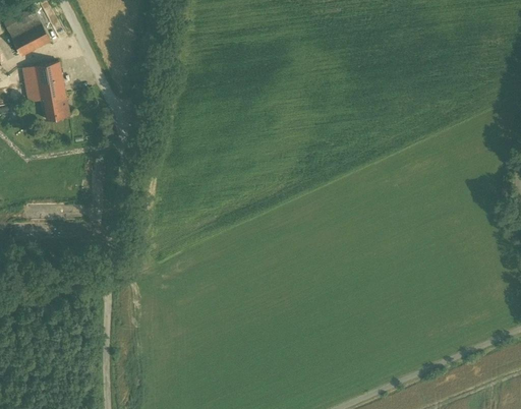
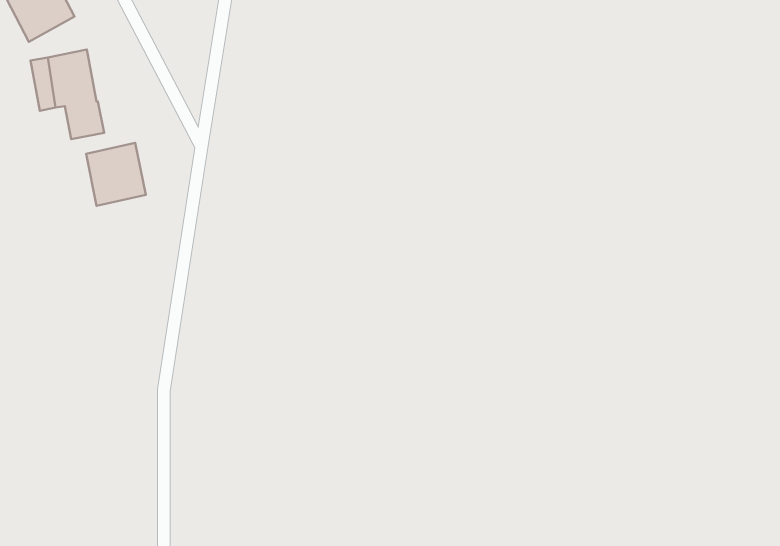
building: none -> [86,143,146,206]

